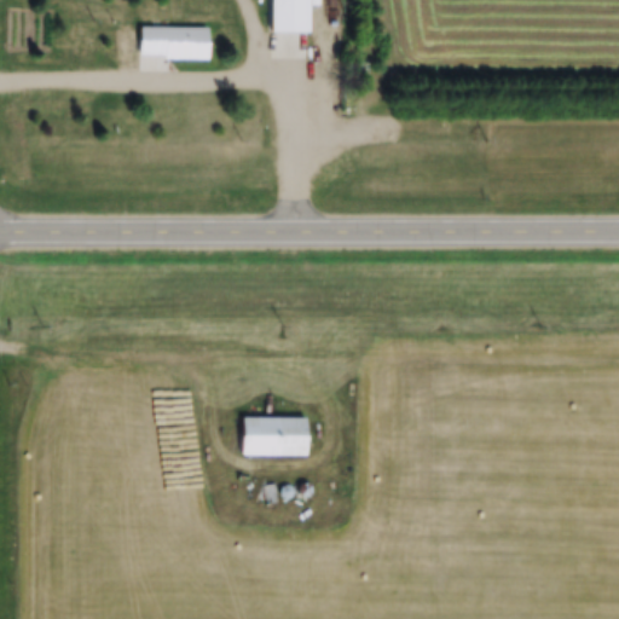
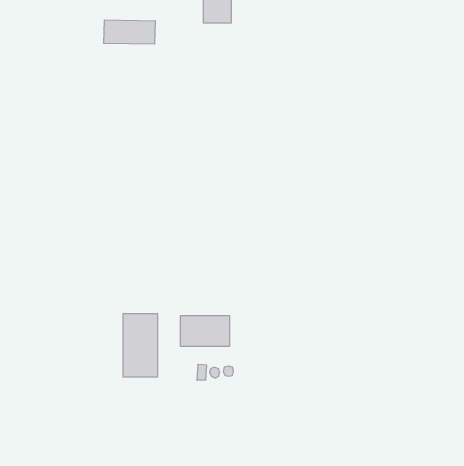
building: none -> [123,313,157,377]

